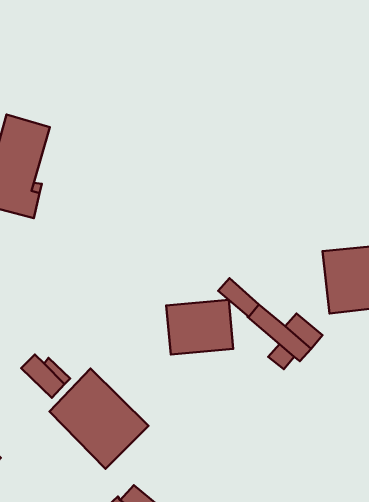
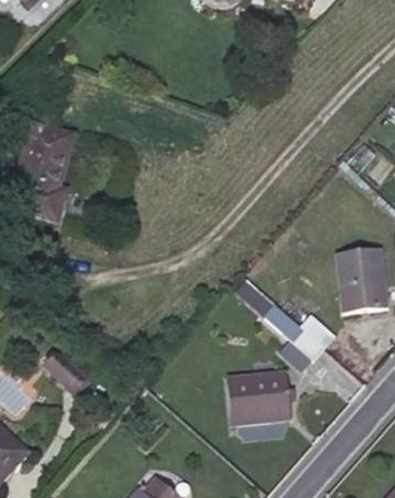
building: [166,300,233,355] -> [226,372,290,425]
building: [50,369,149,469] -> none

